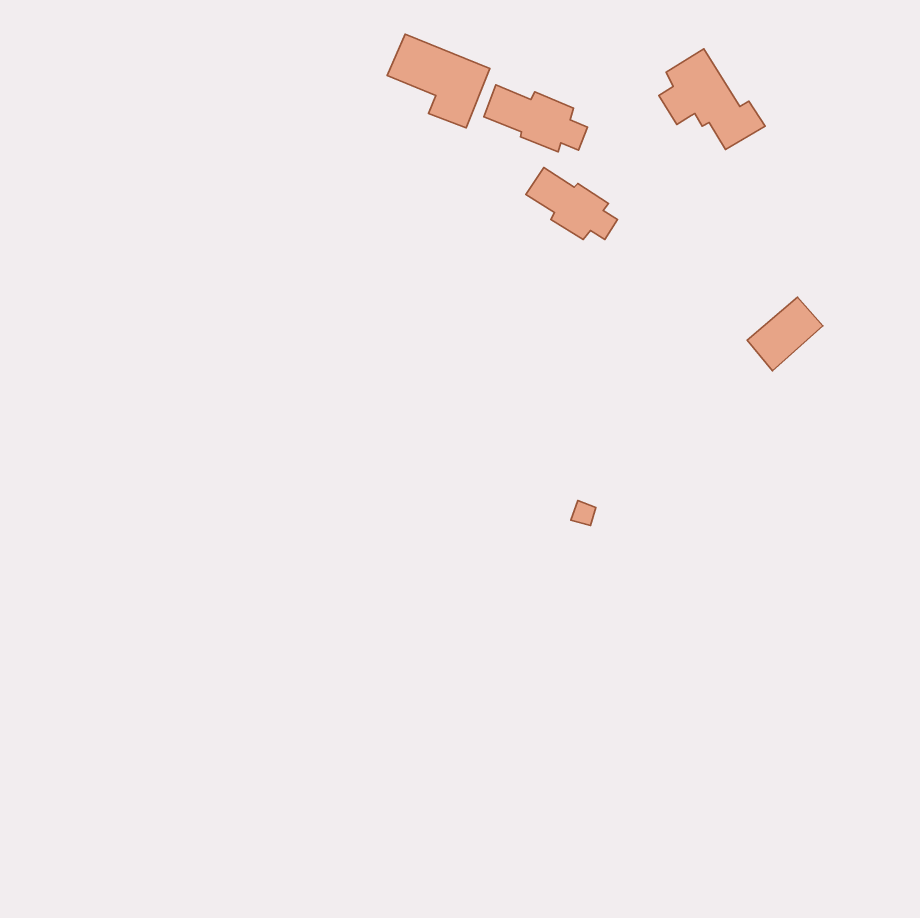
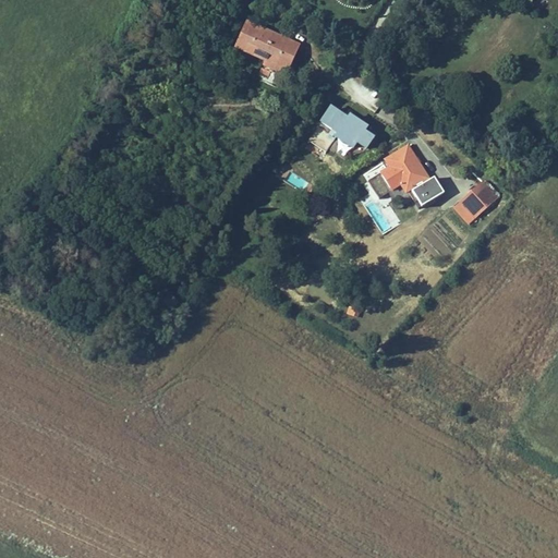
building: [659,49,765,150] -> [380,143,445,204]
building: [484,85,588,152] -> none

